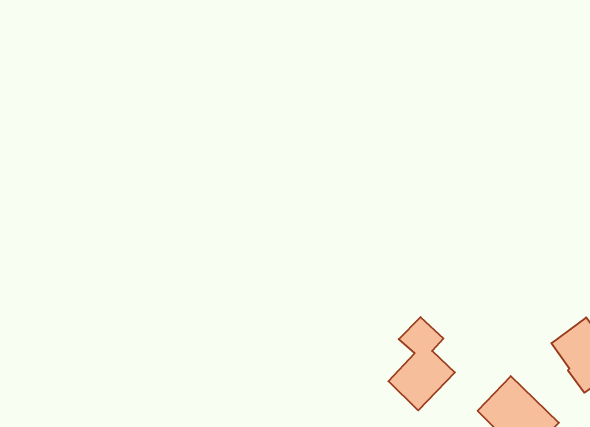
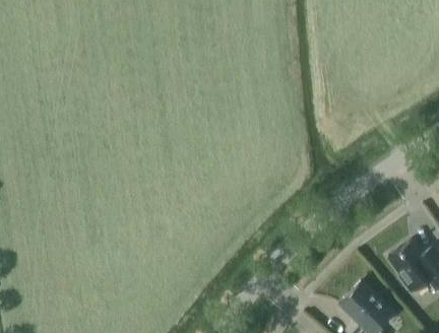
building: [388,317,455,410] -> none

